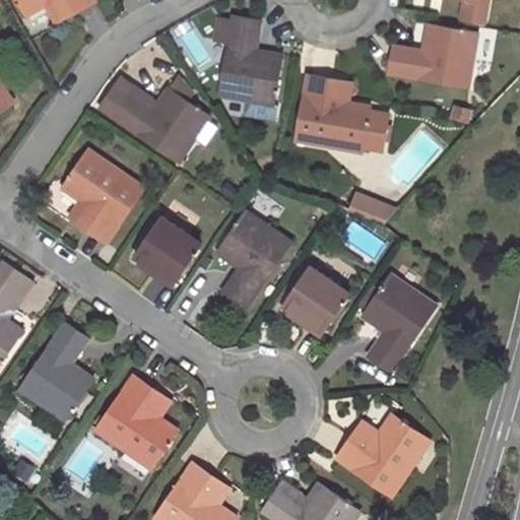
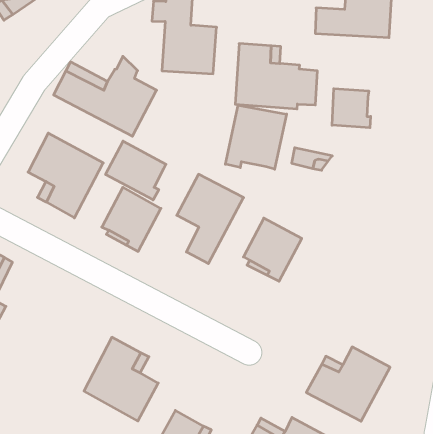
building: none -> [332,89,371,128]
building: none -> [225,105,287,169]
building: none -> [106,141,166,200]
building: [361,274,436,373] -> none
building: [18,324,92,421] -> none

